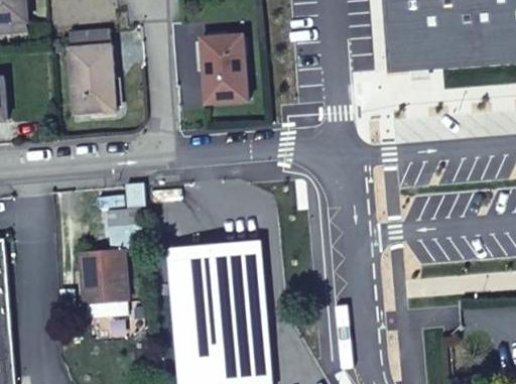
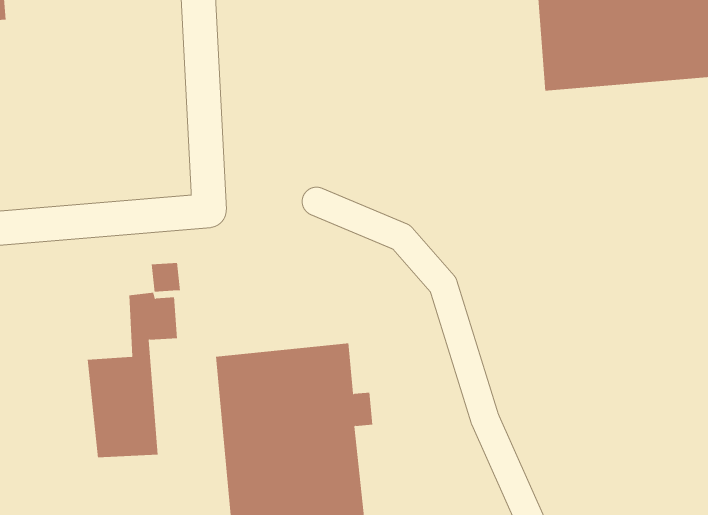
building: [200,35,246,104] -> none
building: [69,36,115,114] -> none

